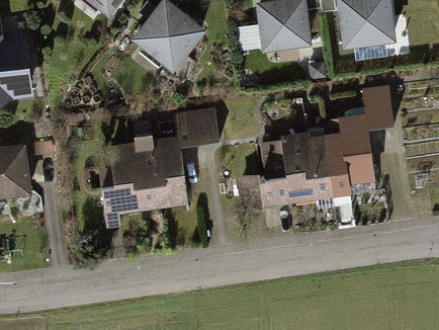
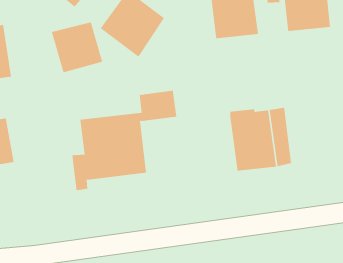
building: none -> [51,22,103,73]
building: [340,86,393,184] -> none
building: [238,141,287,209] -> none

